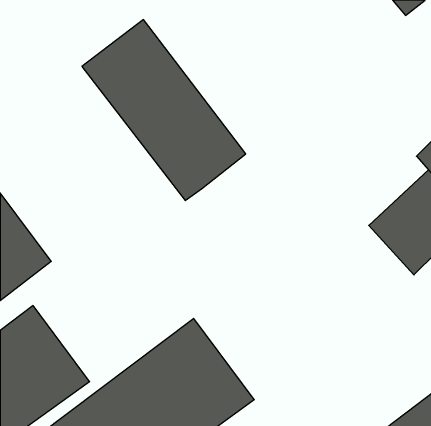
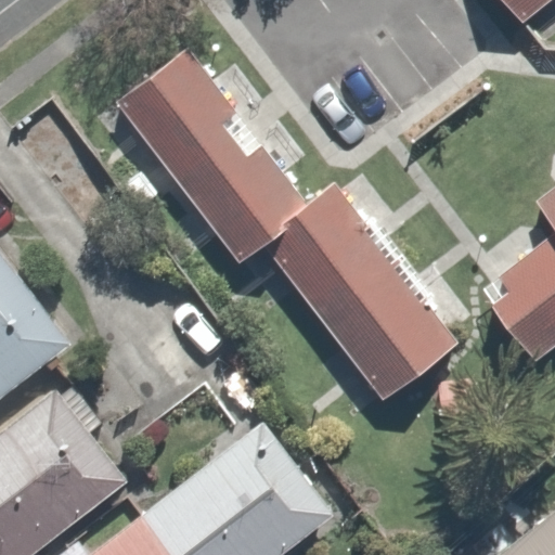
building: none -> [262,189,465,409]

